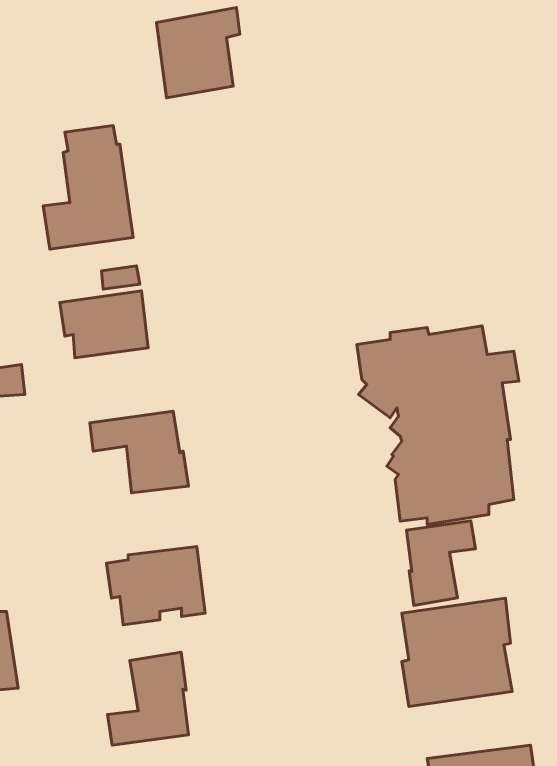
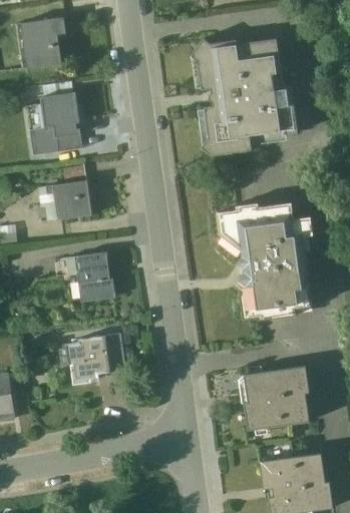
building: [156,8,240,98] -> [17,16,67,70]
building: none -> [192,38,300,155]
building: [407,521,475,606] -> none
building: [108,652,188,745] -> none

